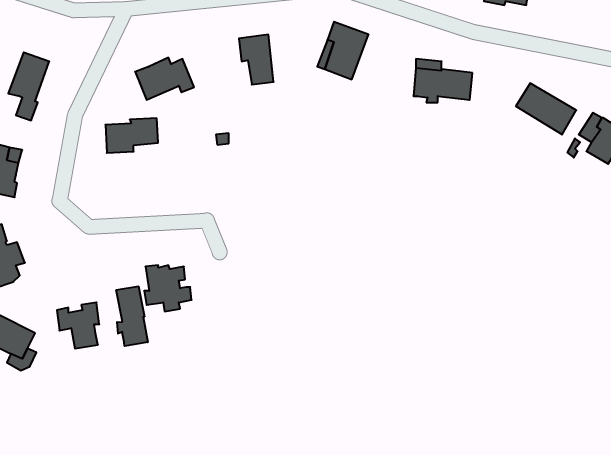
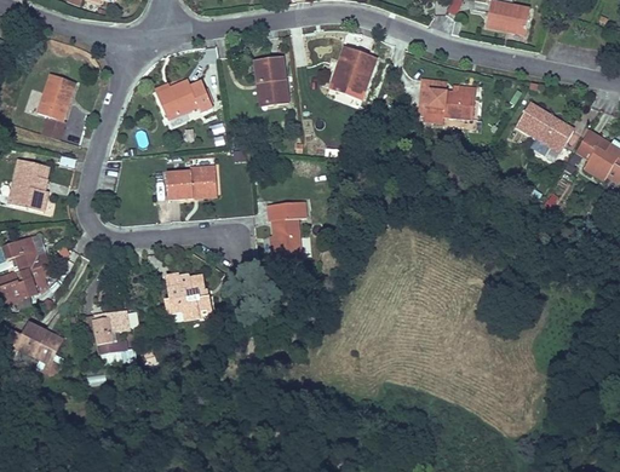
building: [105,118,158,153] -> [166,166,216,198]
building: none -> [266,201,306,260]
building: [116,286,148,346] -> none

